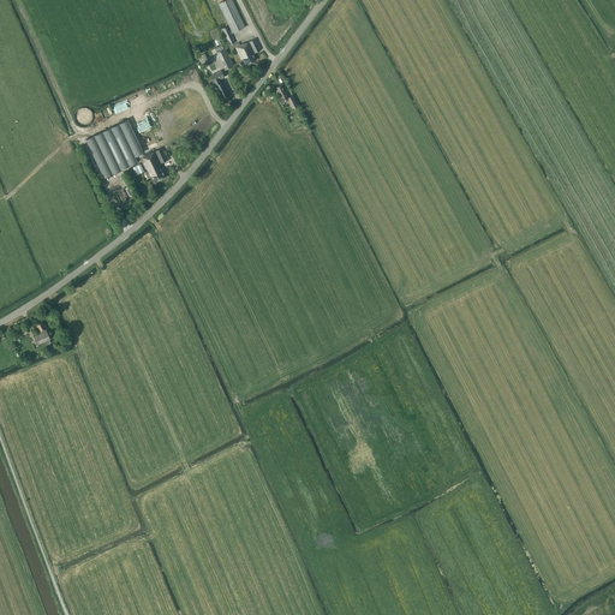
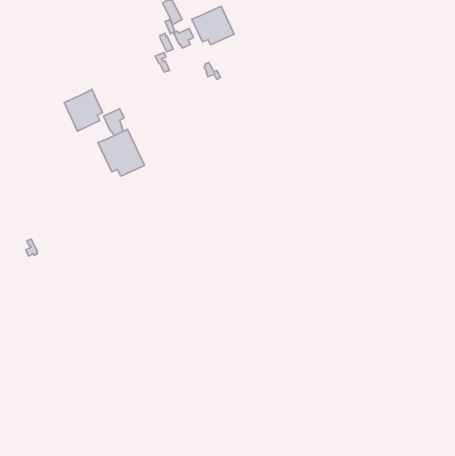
building: none -> [192,6,234,45]
building: none -> [98,129,144,176]

